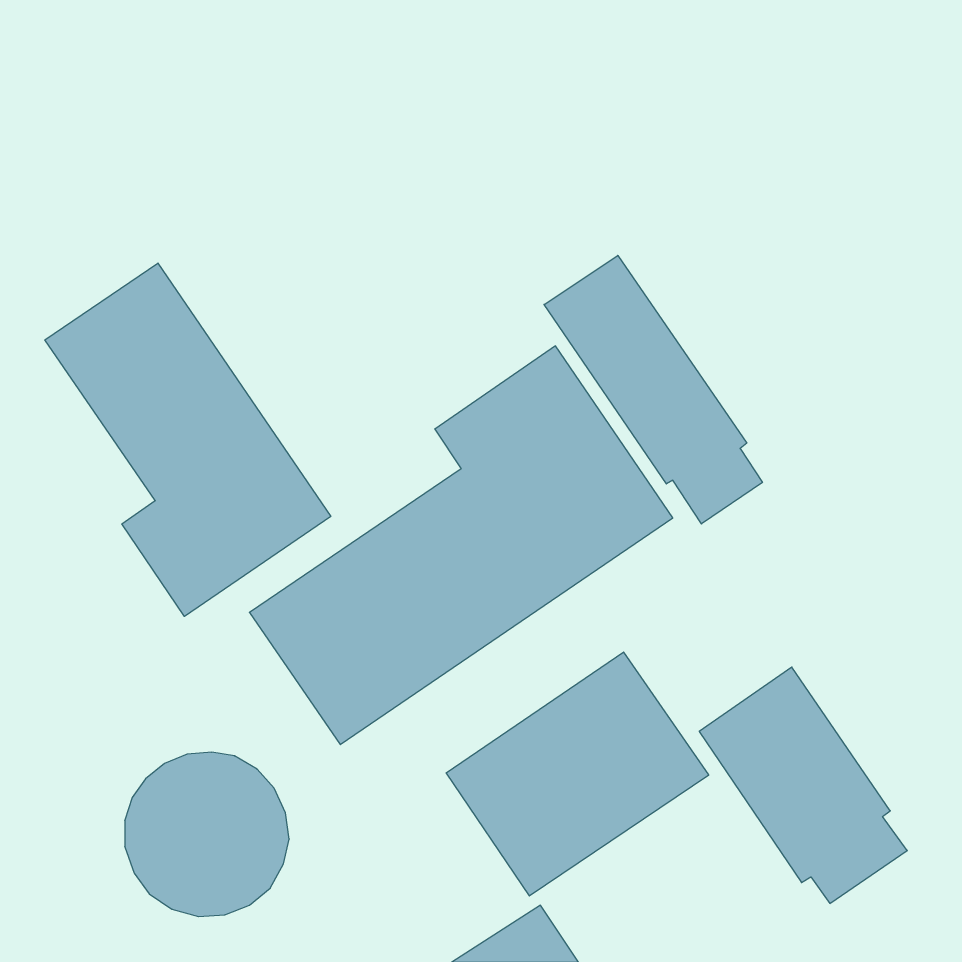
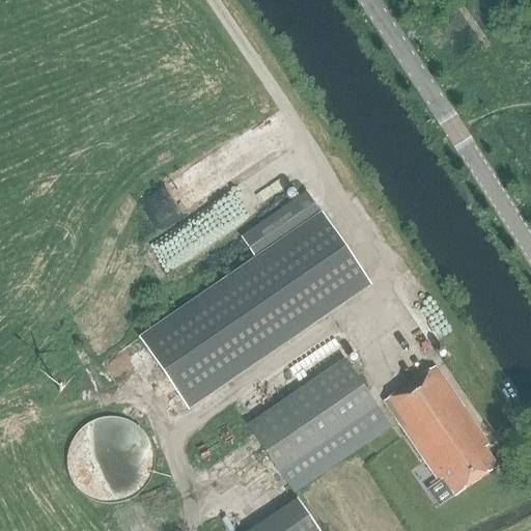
building: [544,255,762,524] -> none
building: [45,263,331,616] -> none

